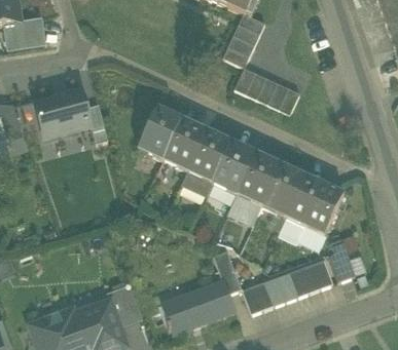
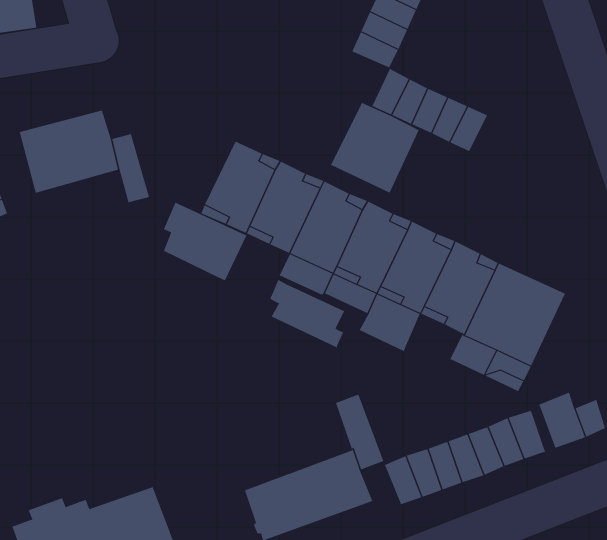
building: none -> [330,102,420,193]
building: none -> [163,202,247,281]
building: none -> [269,279,345,348]
building: [106,283,142,327] -> none

